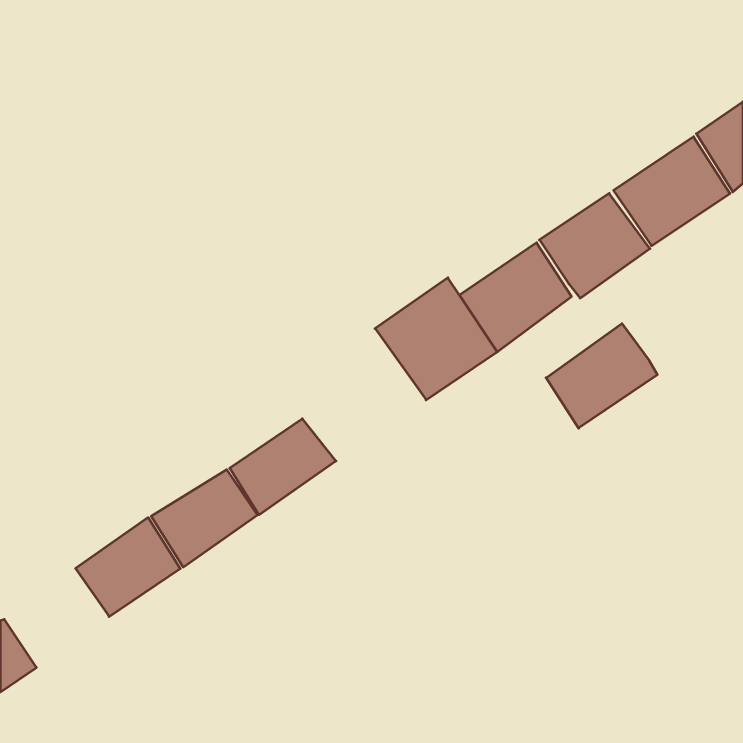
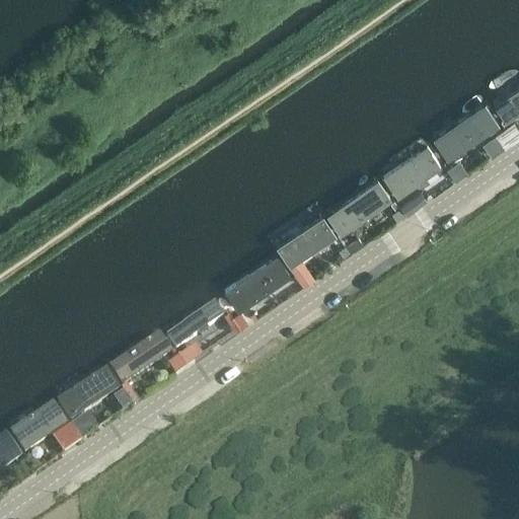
building: [546,324,657,428] -> none
building: none -> [216,247,296,319]
building: none -> [4,397,74,463]

